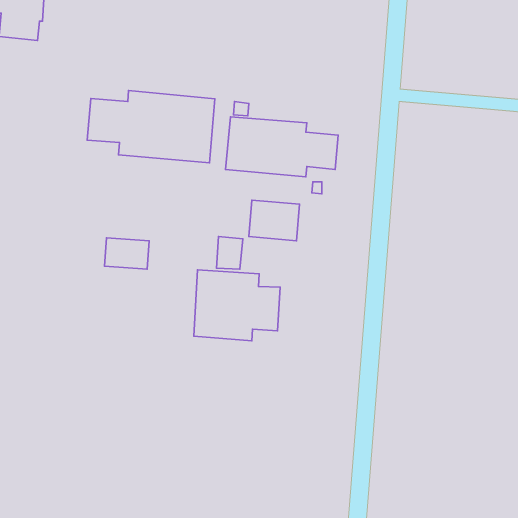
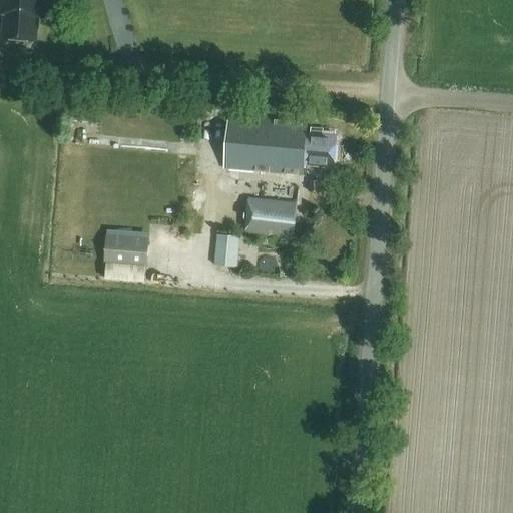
building: [87,90,215,163] -> none
building: [194,270,280,341] -> none

